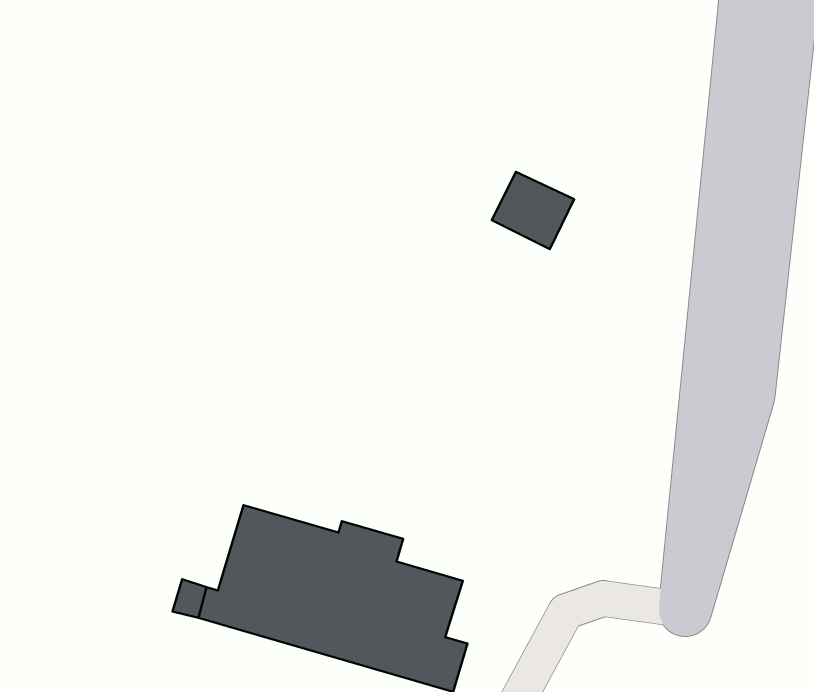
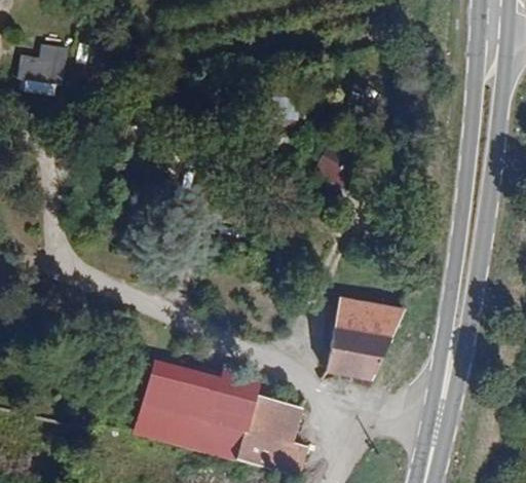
building: none -> [20,47,66,98]
building: none -> [325,305,392,381]

